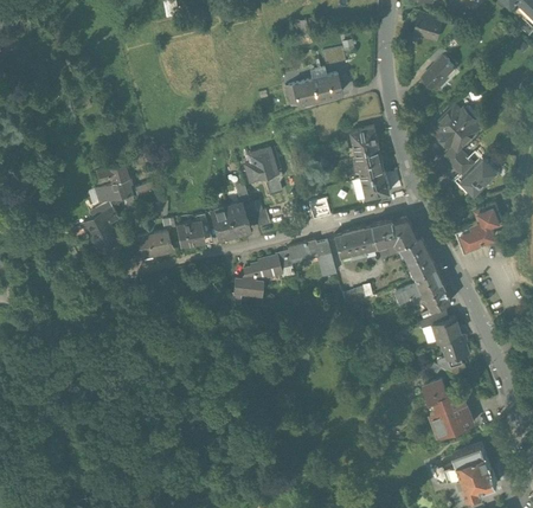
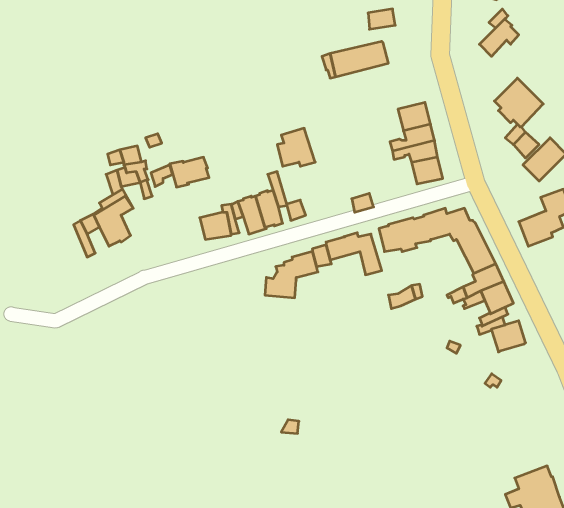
building: [137,233,172,259] -> [170,157,209,187]
building: [437,337,468,369] -> none
building: [423,380,474,437] -> none

